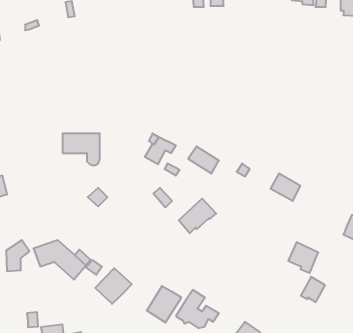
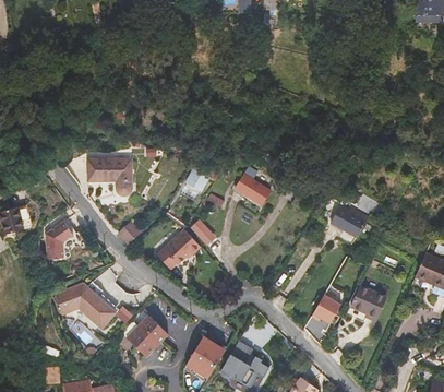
building: [179,199,216,233] -> [157,228,201,269]
building: [6,240,29,271] -> [45,221,72,257]
building: [301,277,325,302] -> [312,293,340,322]

